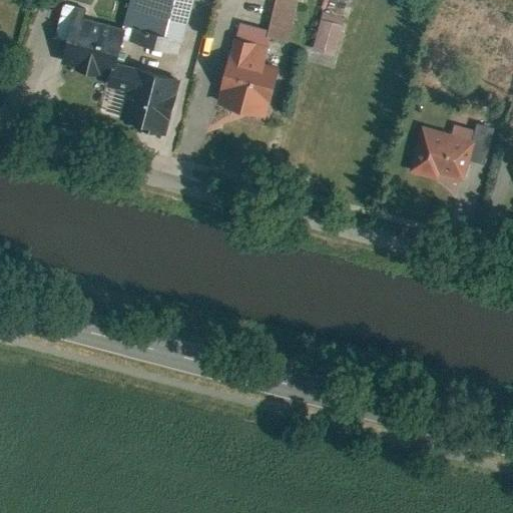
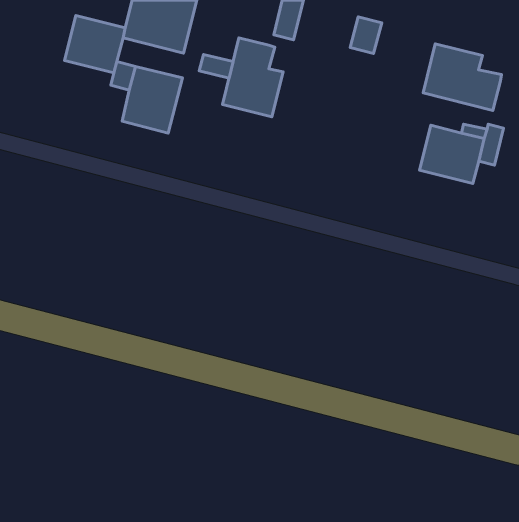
building: [311,20,342,56] -> [350,17,382,54]
building: [233,23,267,46] -> [199,54,233,78]
building: none -> [423,44,501,110]

